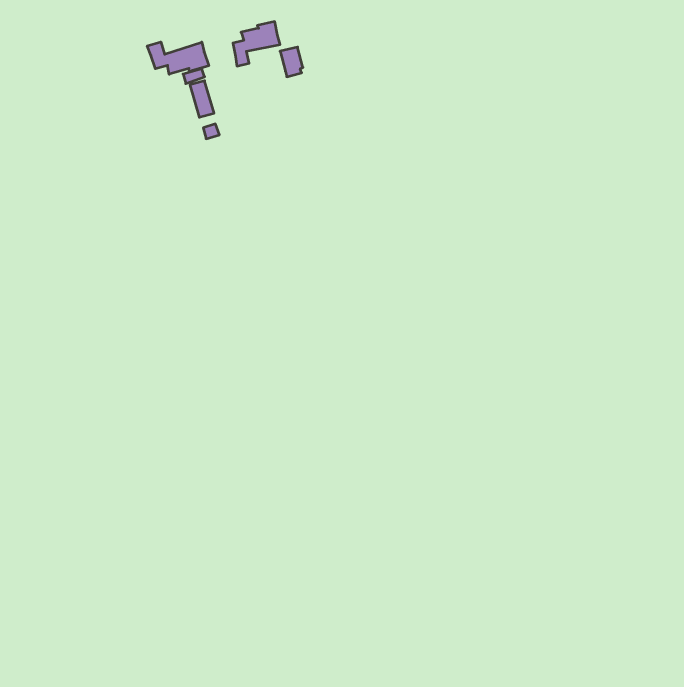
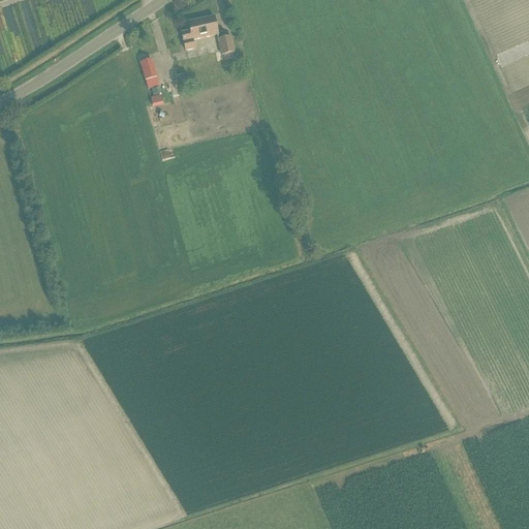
building: [147,42,209,74] -> none

